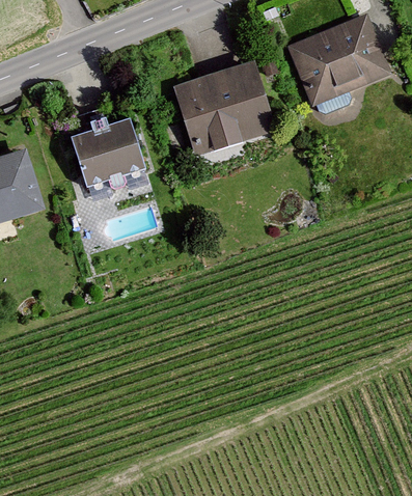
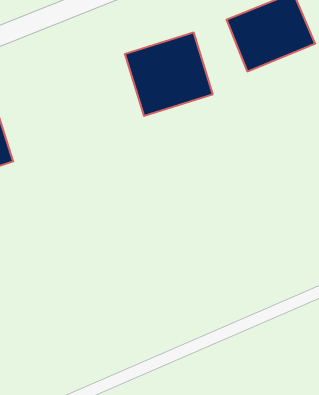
building: [74,118,143,183] -> none

